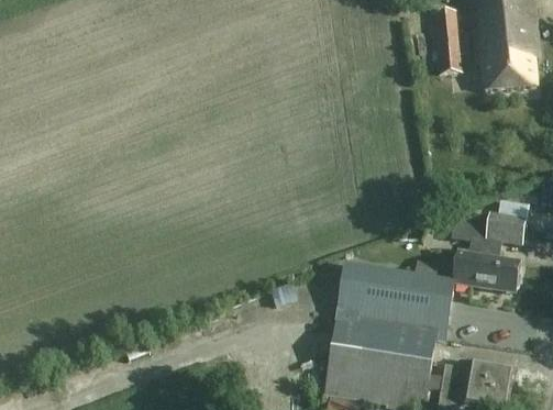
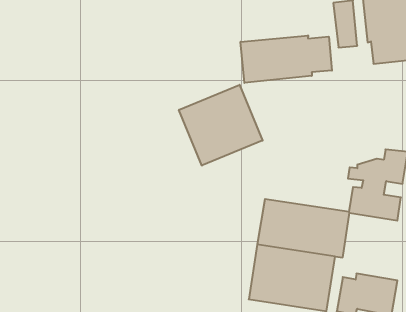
building: none -> [241,35,332,83]
building: none -> [179,85,263,166]

